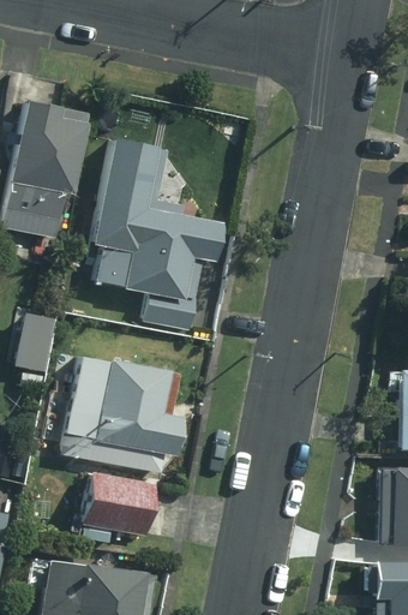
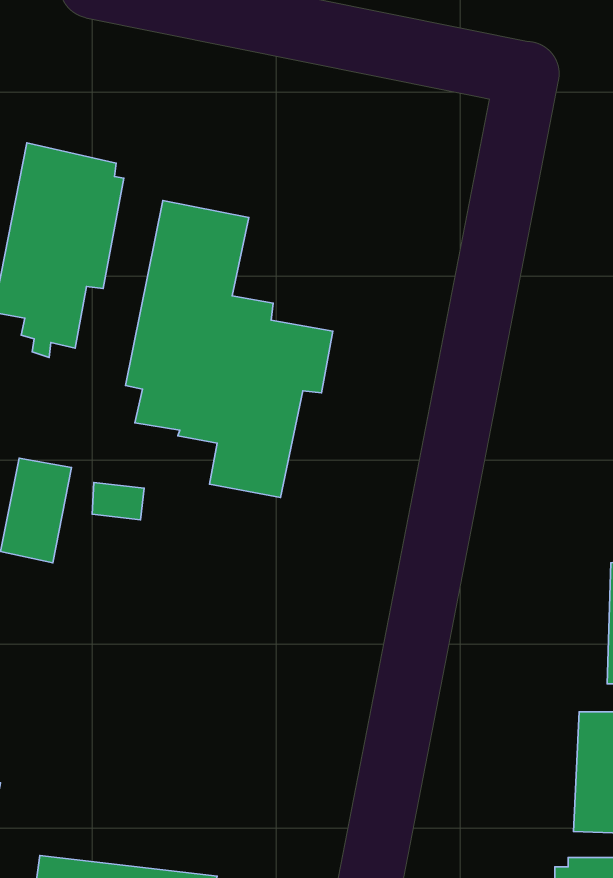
building: [48,354,185,472] -> none
building: [73,472,155,535] -> none

